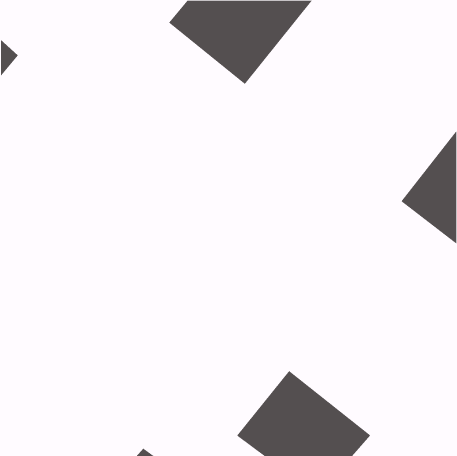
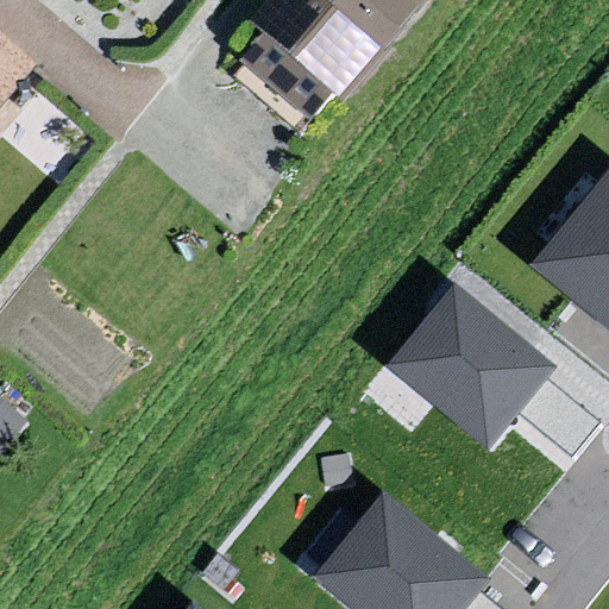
building: none -> [390,281,557,442]

